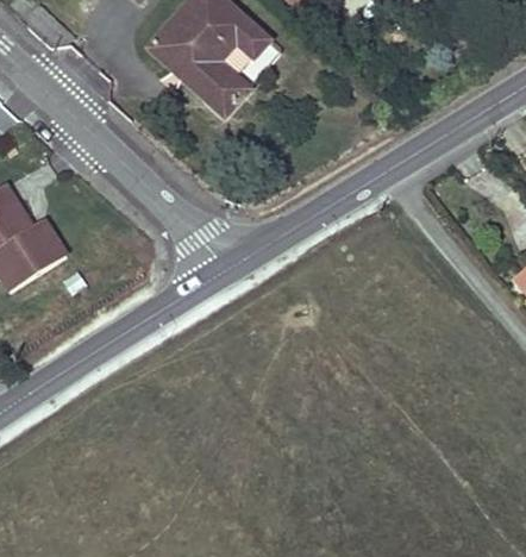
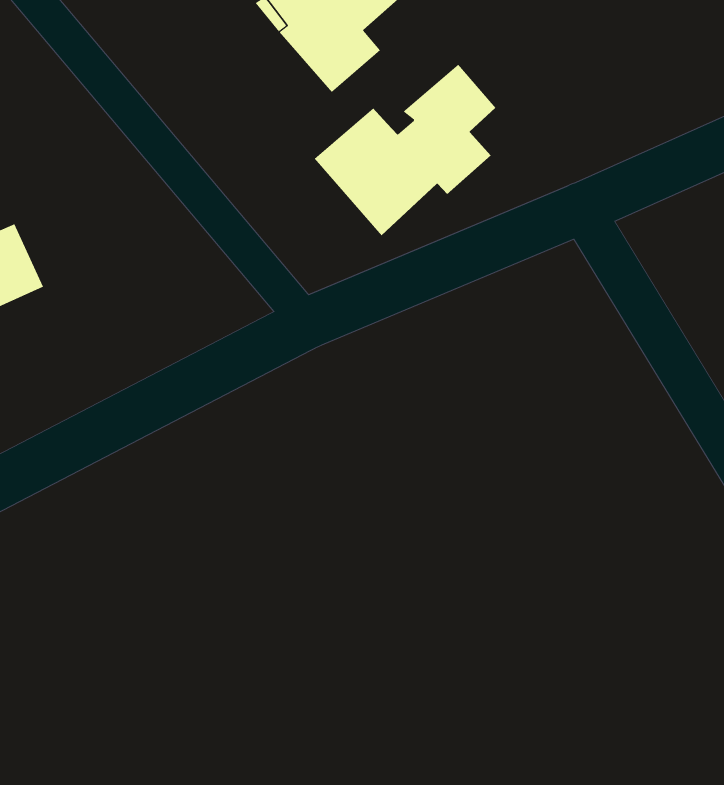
building: none -> [314,64,496,236]

